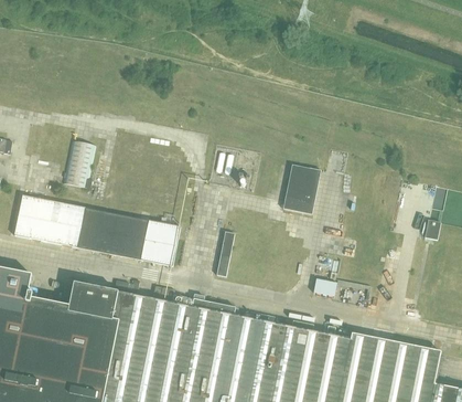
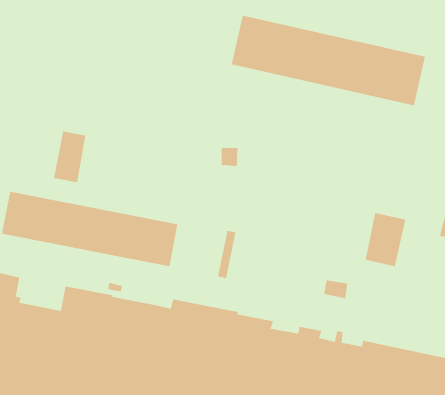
building: none -> [231,15,425,106]
building: [282,163,321,214] -> [365,213,406,267]

